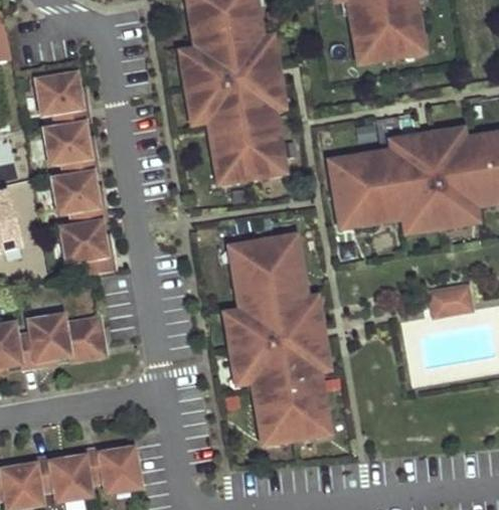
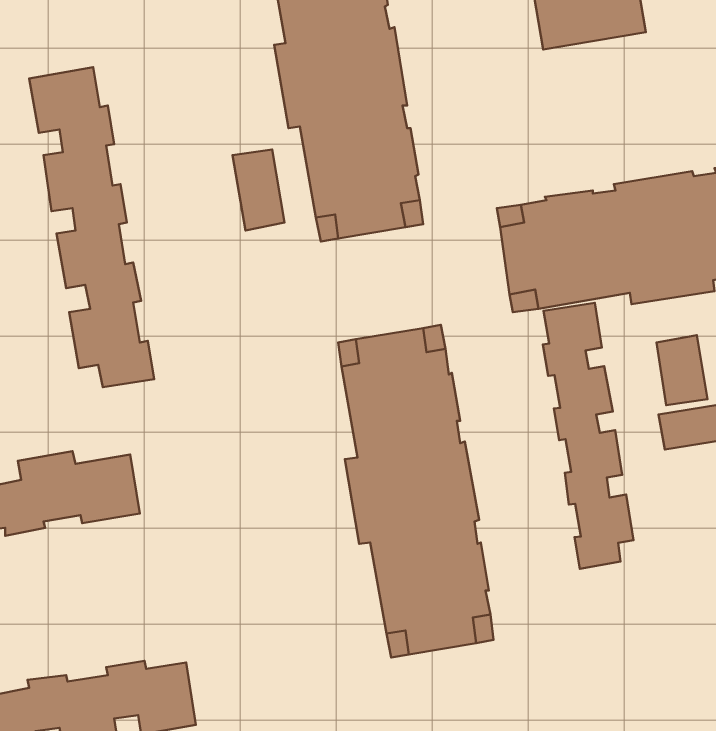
building: none -> [233,149,285,230]
building: none -> [543,303,634,569]
building: none -> [656,335,707,405]

